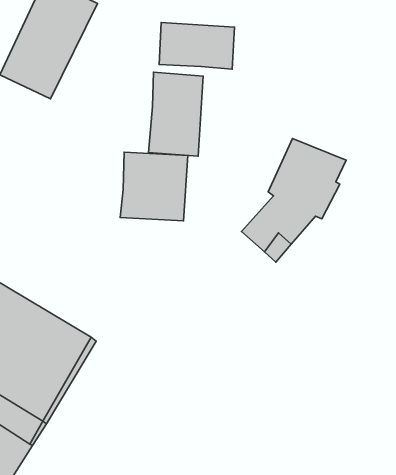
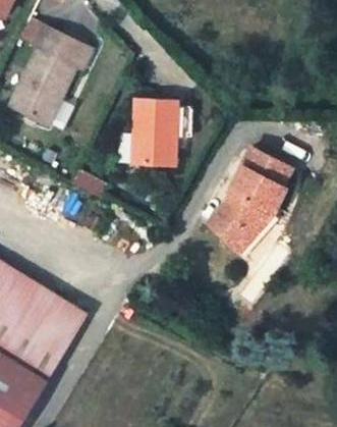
building: [159,23,234,69] -> none
building: [120,152,188,221] -> none

